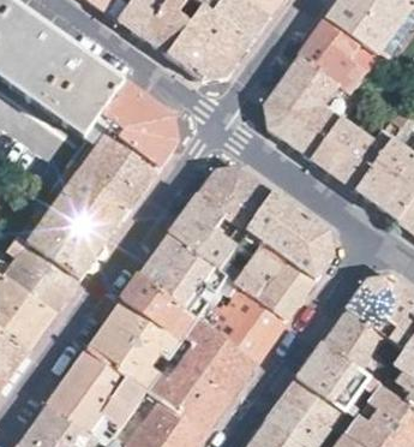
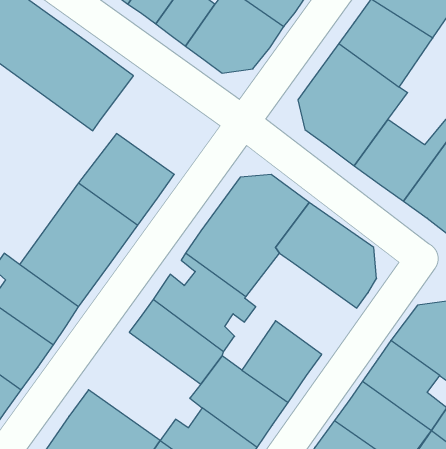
building: [94,84,176,168] -> none
building: [232,244,313,322] -> none
building: [84,303,180,395] -> none

